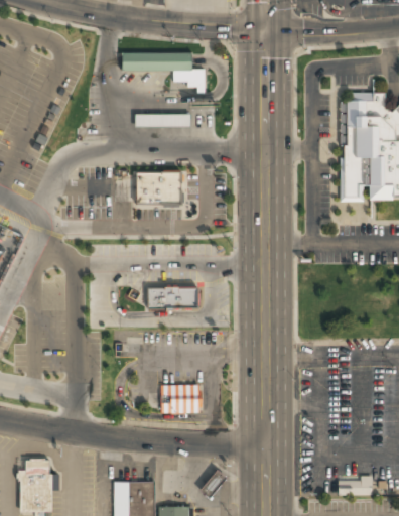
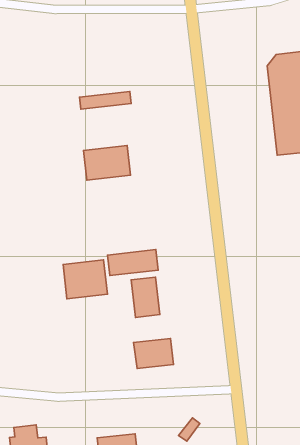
building: [121,53,205,87] -> none
building: none -> [63,260,107,299]
building: none -> [131,277,160,317]

